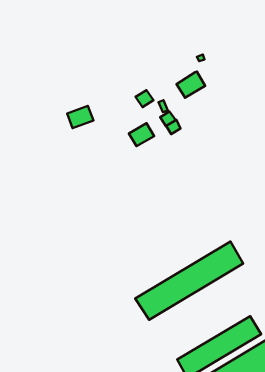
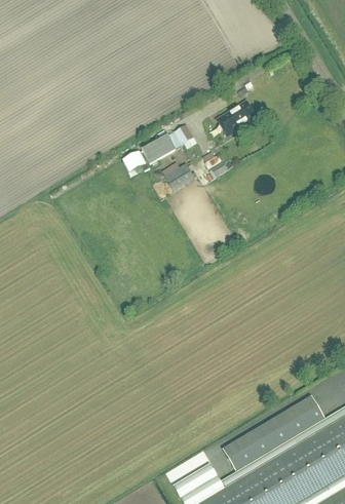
building: [67,106,94,128] -> [142,133,174,160]
building: [135,241,243,320] -> none

